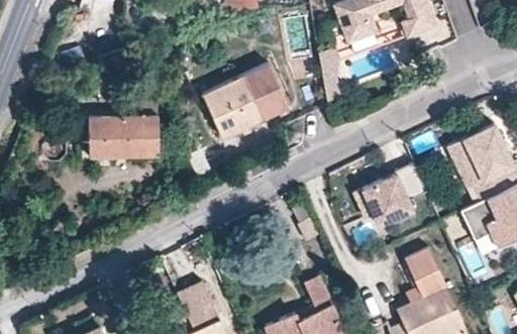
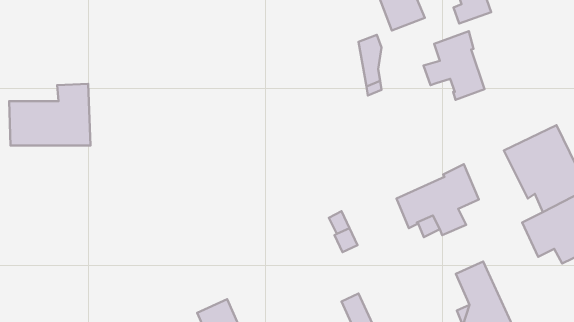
building: none -> [424,31,484,100]
building: [202,63,289,137] -> none
building: [88,101,160,155] -> [9,84,90,146]

